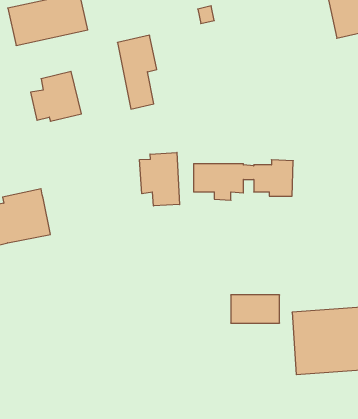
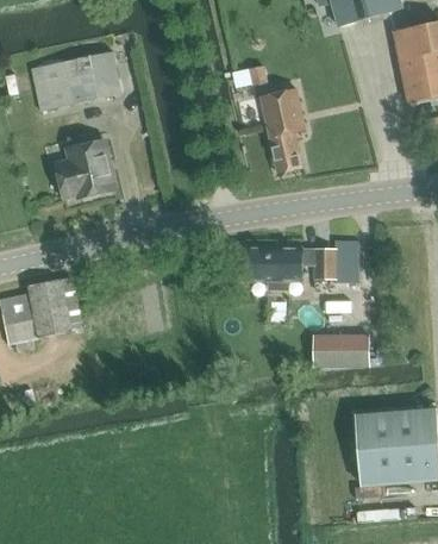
building: [117,35,157,109] -> [259,88,305,173]
building: [140,152,180,206] -> none
building: [231,295,280,323] -> [314,334,370,367]

